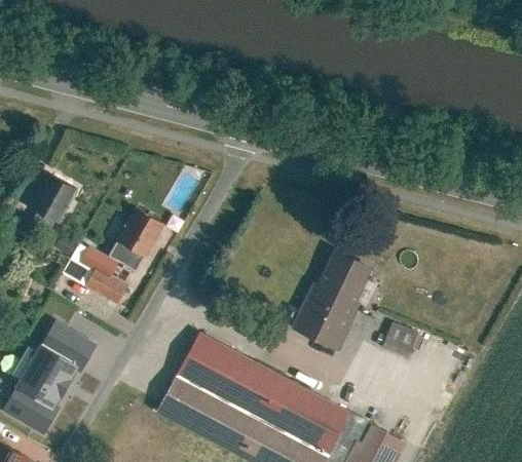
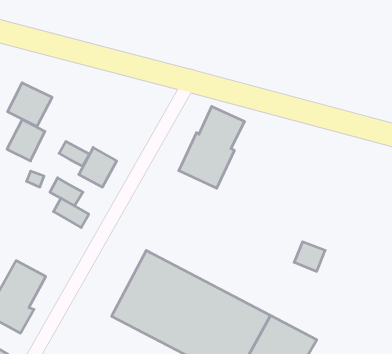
building: none -> [8,83,52,127]
building: [108,240,145,270] -> [59,142,89,166]
building: [292,249,372,349] -> [179,106,245,188]
building: [42,321,95,368] -> none

